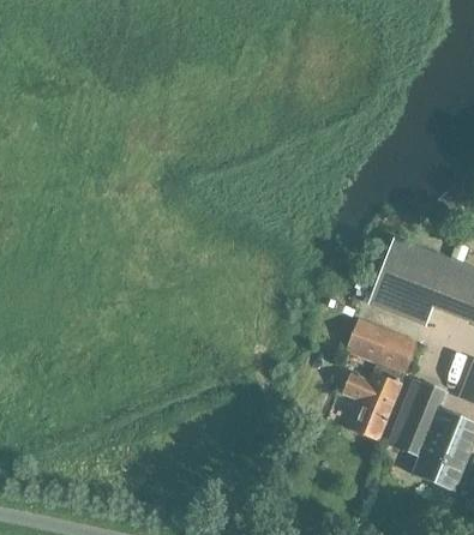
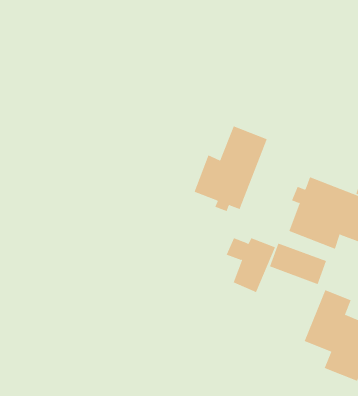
building: none -> [194,126,267,212]
building: [342,372,404,441] -> [226,237,276,293]

